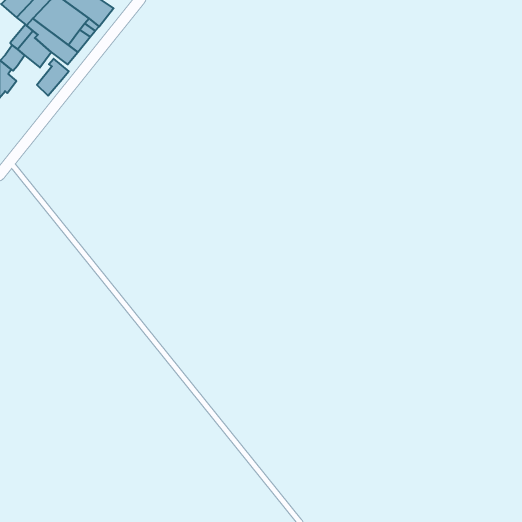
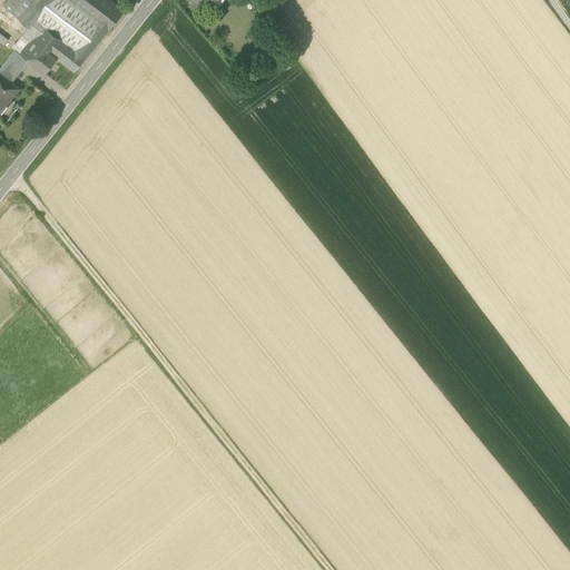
building: [37,59,69,96] -> none

